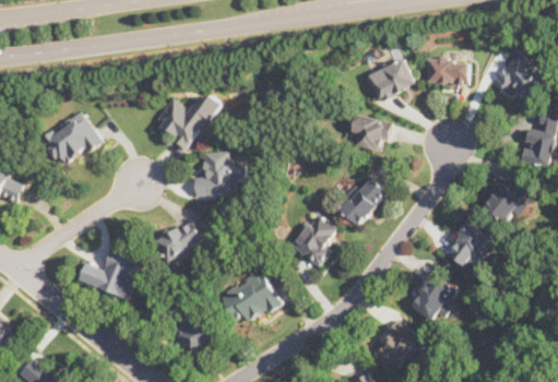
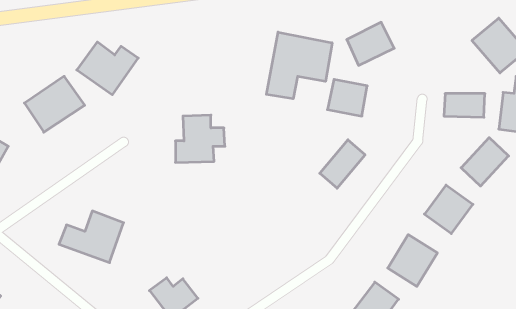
building: [426,59,467,83] -> [444,94,485,117]
building: none -> [266,32,332,99]
building: [151,96,213,150] -> [77,42,138,95]
building: [289,212,335,265] -> none
building: [153,218,202,262] -> none
building: [216,268,280,321] -> none

